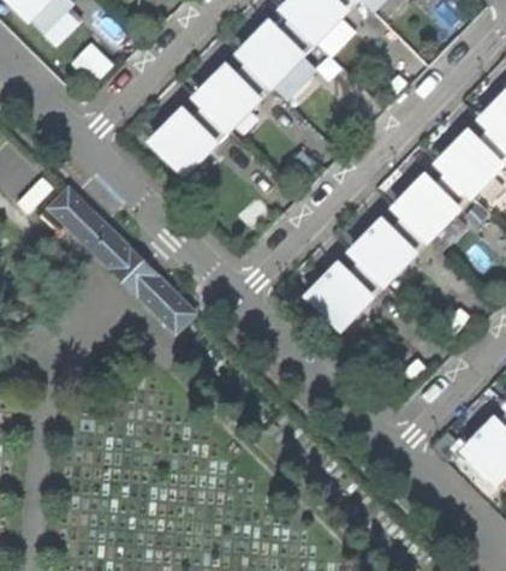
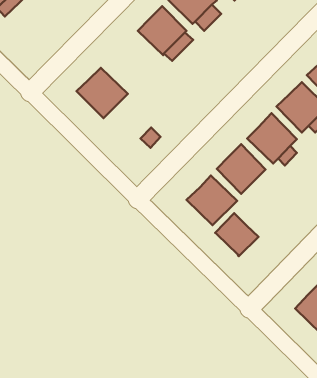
building: [189,63,260,132] -> none
building: [48,188,192,332] -> none
building: none -> [215,213,258,256]

